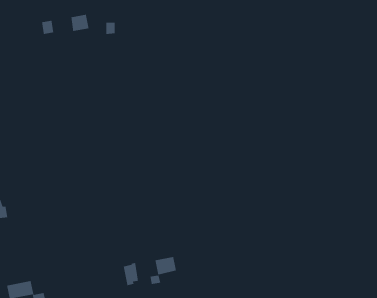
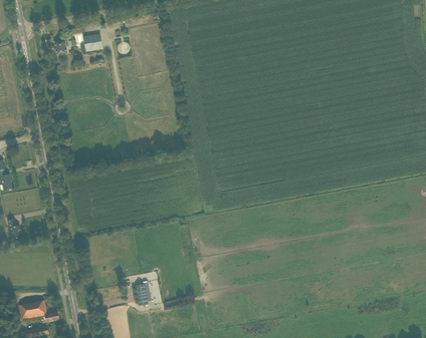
building: [150,256,177,285] -> none

